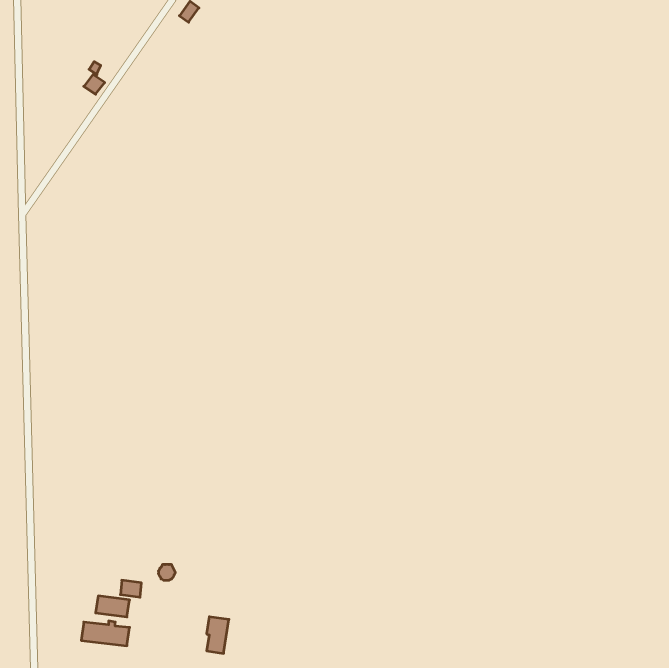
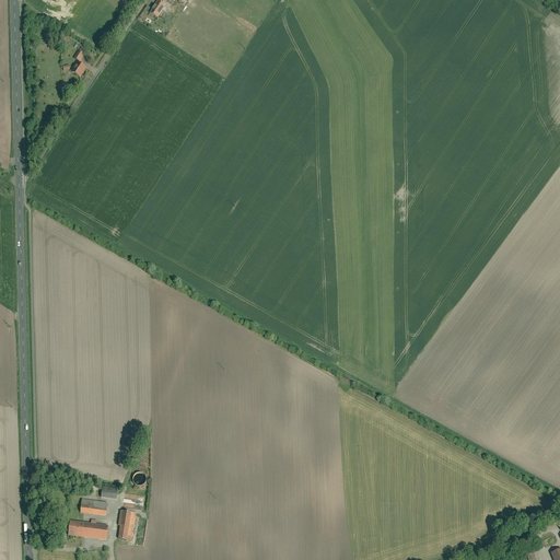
building: [207,617,229,653] -> [118,510,137,540]

